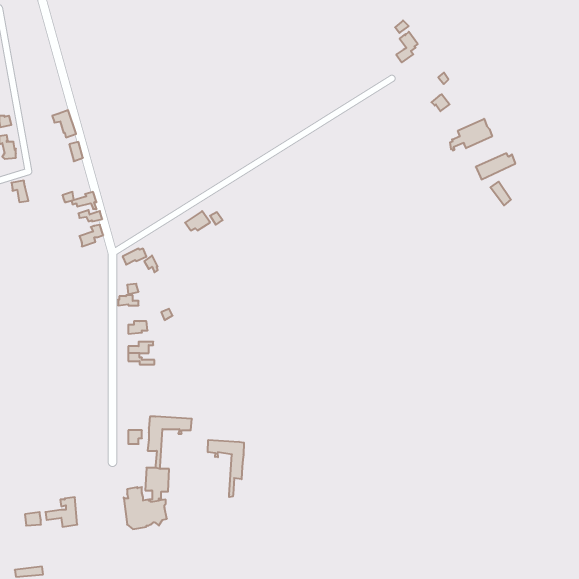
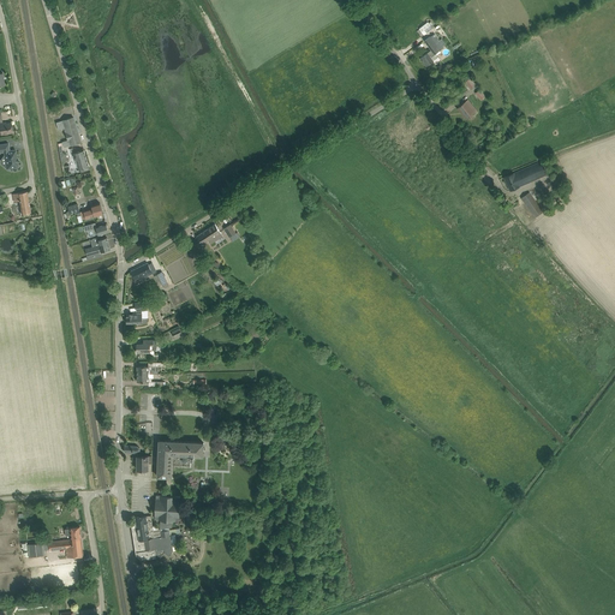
building: [450,119,492,151] -> none
building: [208,440,244,497] -> none

